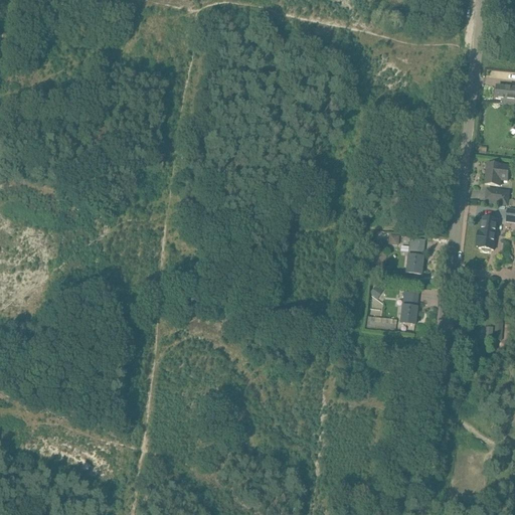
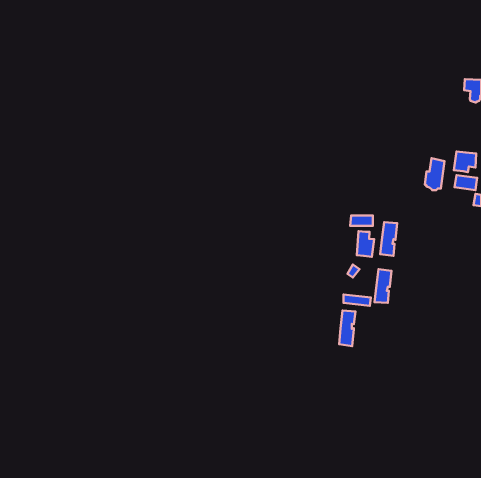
building: [476,216,497,250] -> [425,158,445,190]
building: none -> [357,231,374,257]
building: none -> [339,311,356,346]

